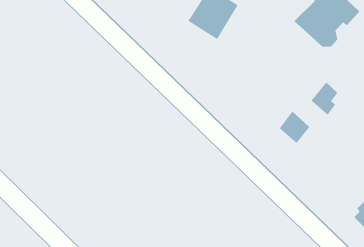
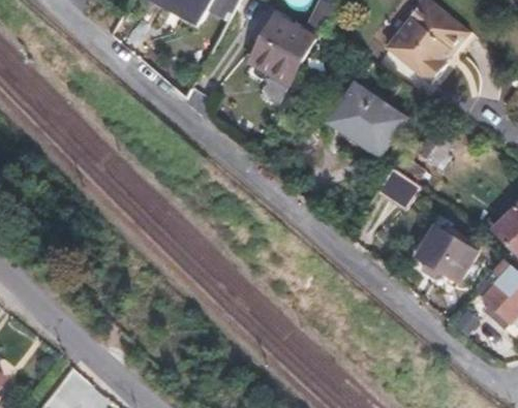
building: none -> [332,87,401,151]
building: none -> [416,226,474,281]

